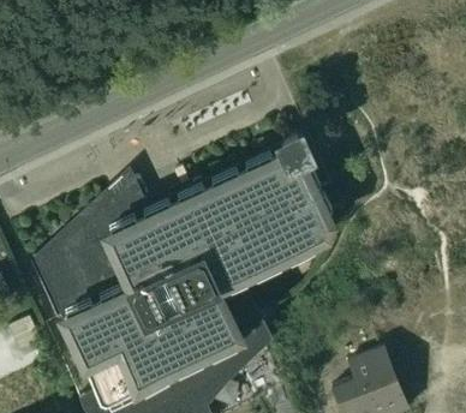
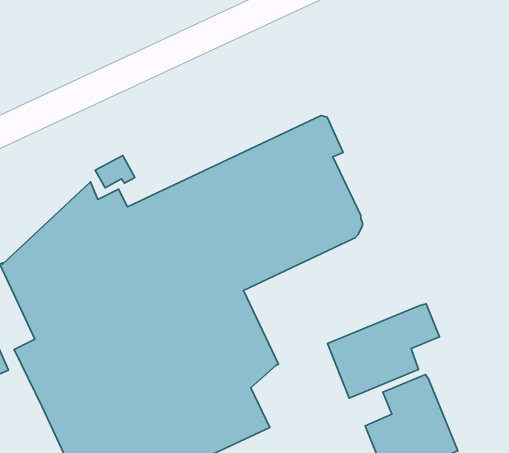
building: none -> [327,304,439,398]

